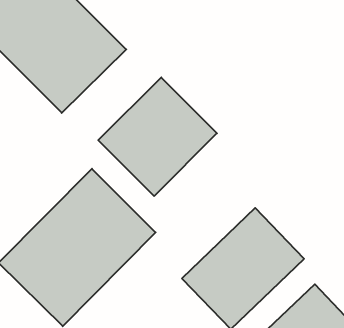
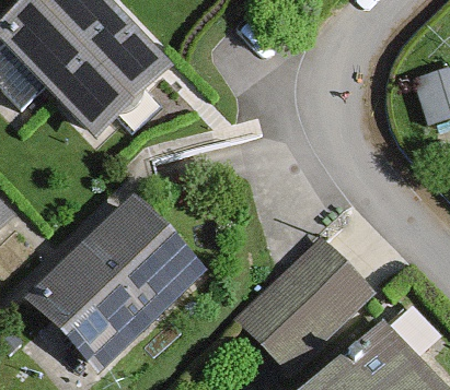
building: [98,77,217,196] -> none

